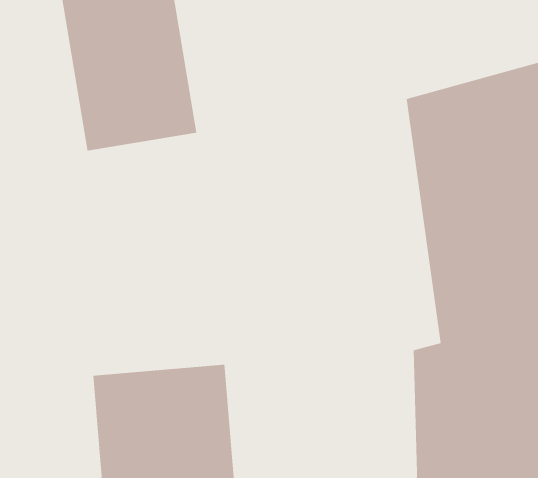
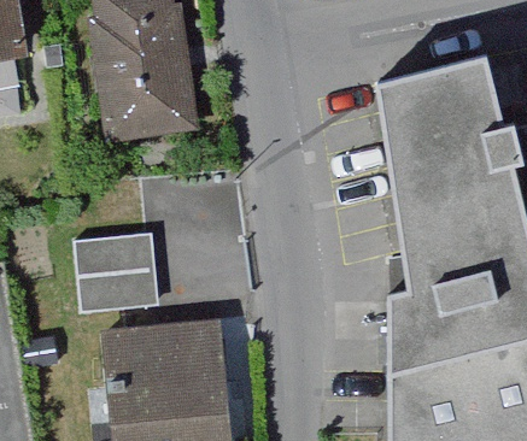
building: none -> [86,227,169,306]

